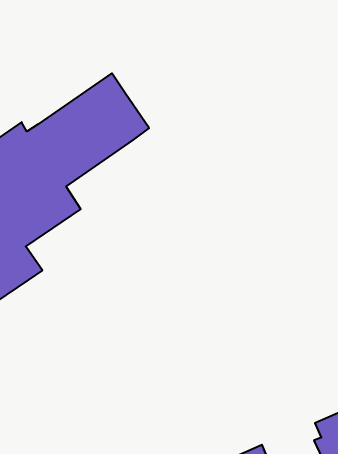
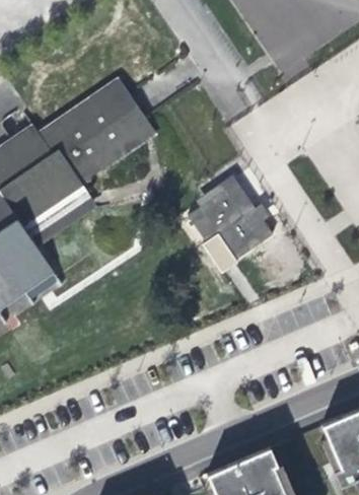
building: none -> [180,169,273,264]

